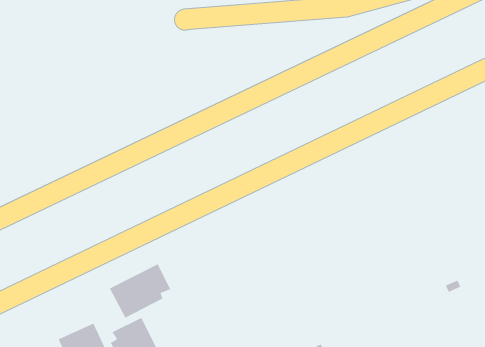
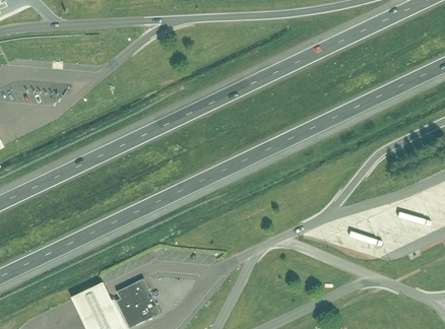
building: [109,264,171,319] -> none

